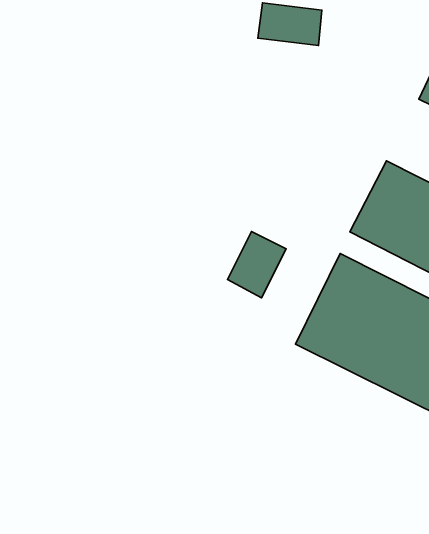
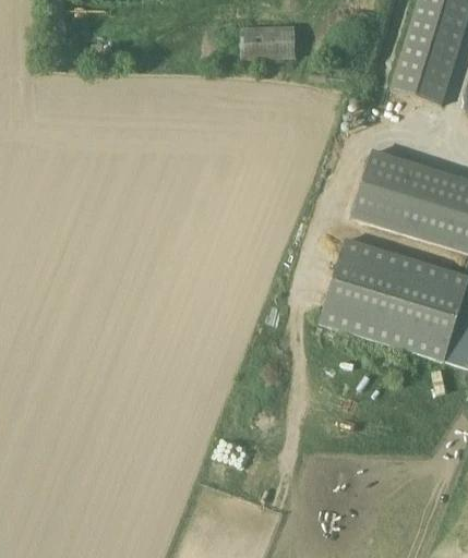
building: [227,232,286,298] -> none

